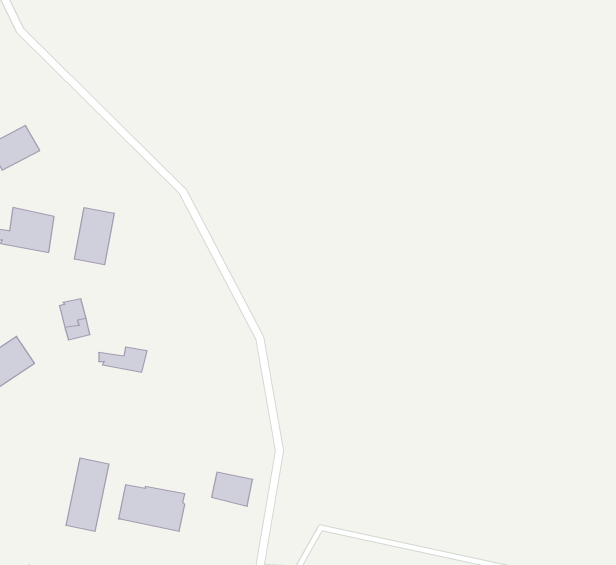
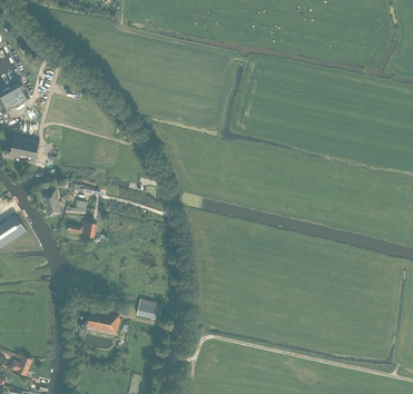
building: [75,208,114,265] -> none
building: [66,458,109,531] -> none

